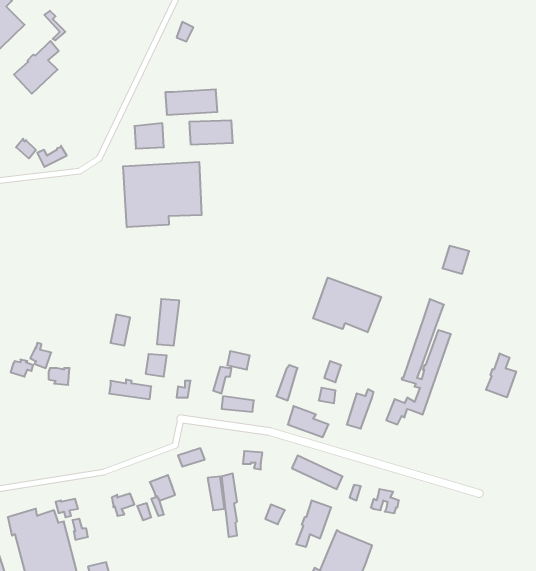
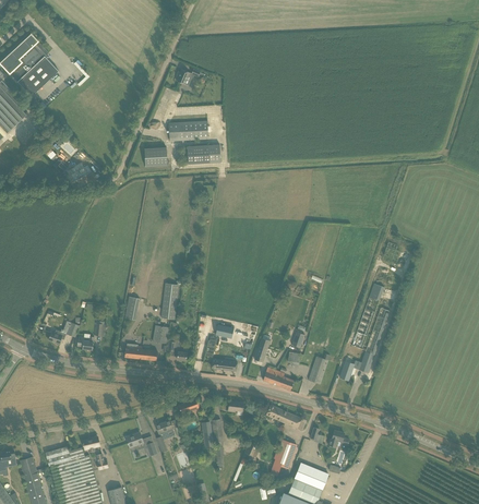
building: [14,41,59,94] -> none
building: [123,162,202,227] -> none
building: [313,278,381,332] -> none
building: [486,353,516,397] -> none

